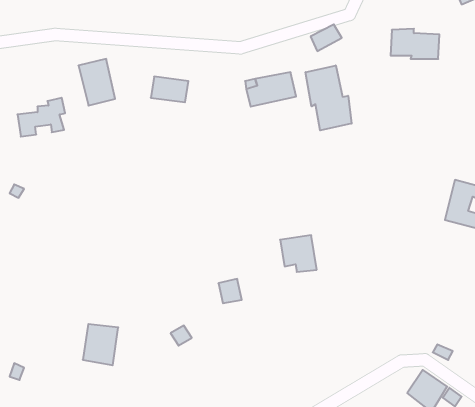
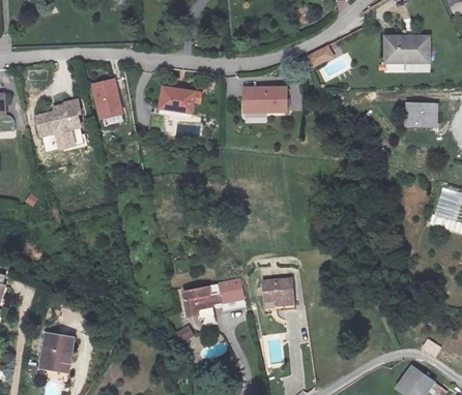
building: [306,65,352,130] -> none
building: none -> [404,109,437,132]
building: [280,235,317,272] -> [261,282,295,316]
building: none -> [178,280,220,322]
building: [83,324,118,365] -> [41,333,75,371]

